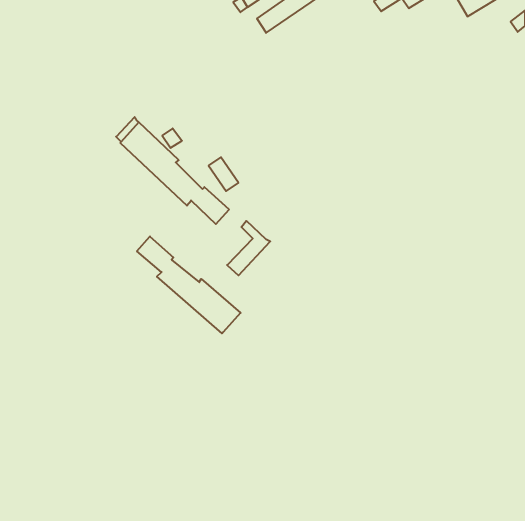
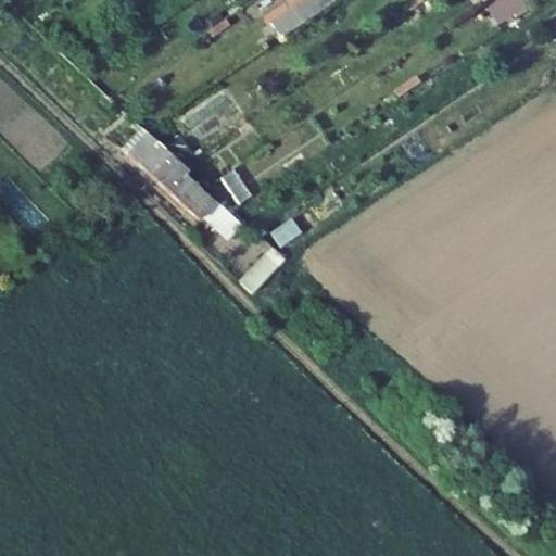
building: [137,236,241,333] -> none

